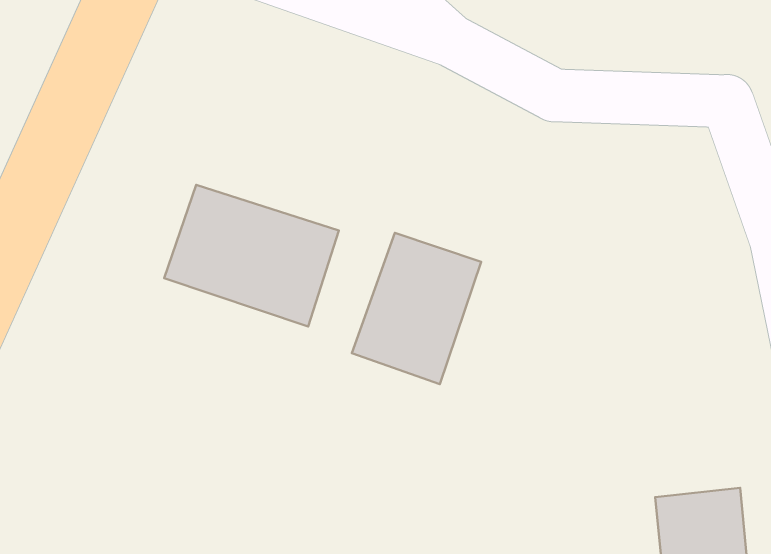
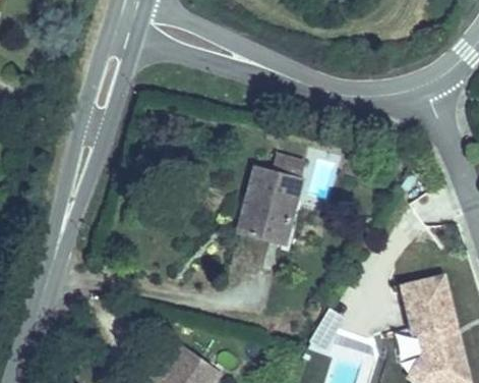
building: [164,185,339,327] -> none

